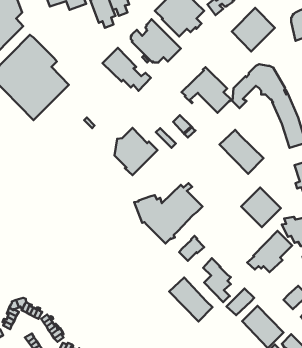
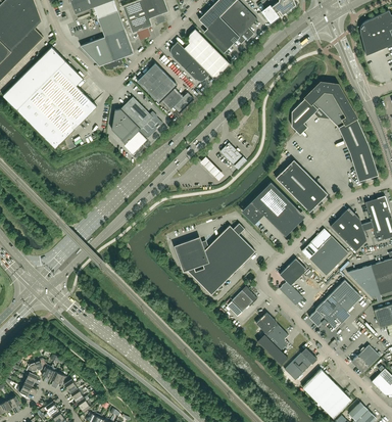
building: none -> [81,11,134,69]
building: [232,8,275,51] -> none
building: [181,67,231,113] -> [242,182,301,236]
building: [114,128,158,175] -> [111,97,162,153]
building: none -> [330,208,368,251]
building: none -> [279,259,306,306]
building: [169,277,212,321] -> none

